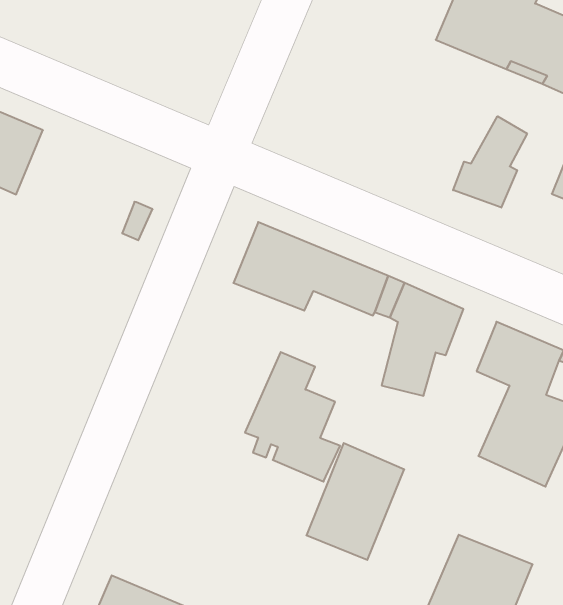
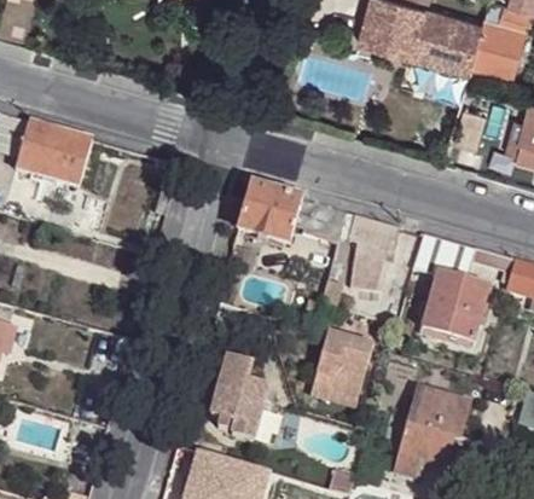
building: [453,116,527,208] -> none
building: [245,352,340,482] -> [210,356,278,443]

